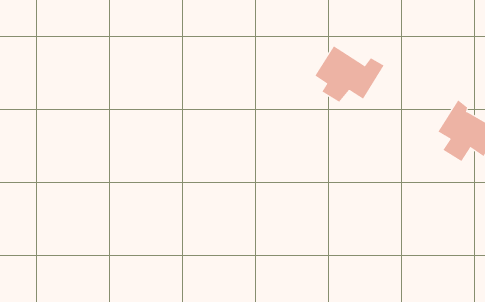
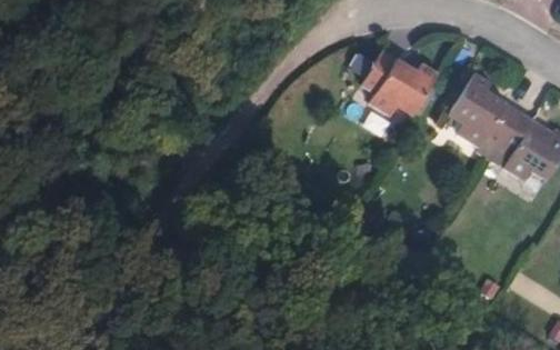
building: none -> [451,72,521,148]

